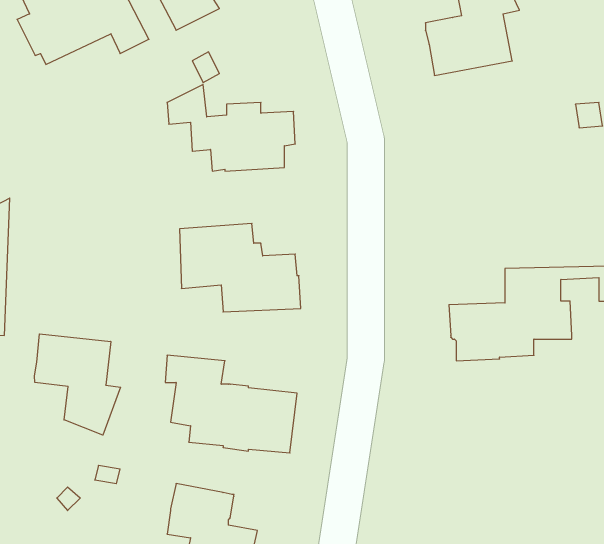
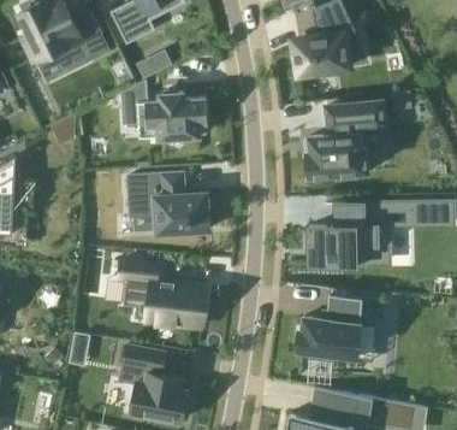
building: none -> [305,100,384,179]
building: [34,334,121,435] -> none
building: none -> [297,295,362,361]

